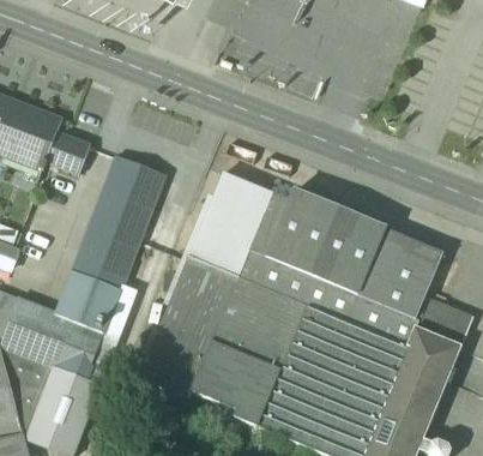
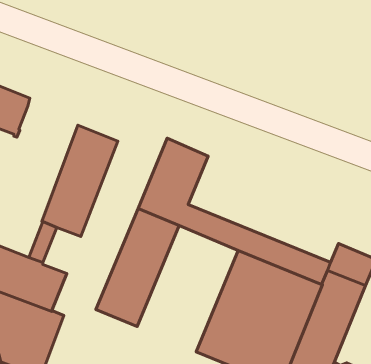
building: [46,132,89,173] -> none
building: [248,188,442,318] -> none
building: [187,275,308,426] -> none
building: [74,277,120,332] -> none

